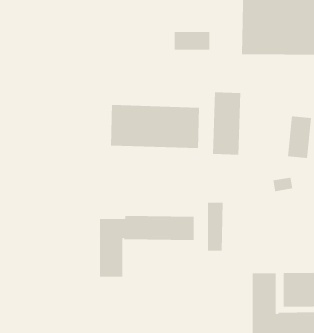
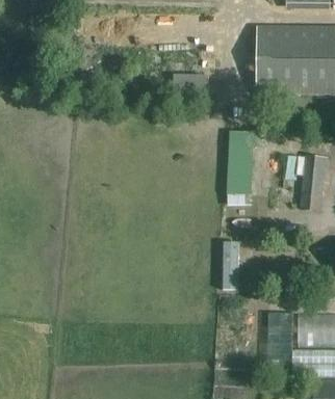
building: [111,104,199,149] -> none
building: [100,215,194,278] -> none

